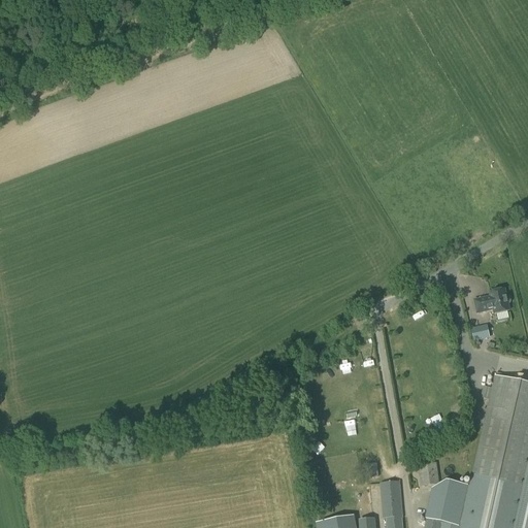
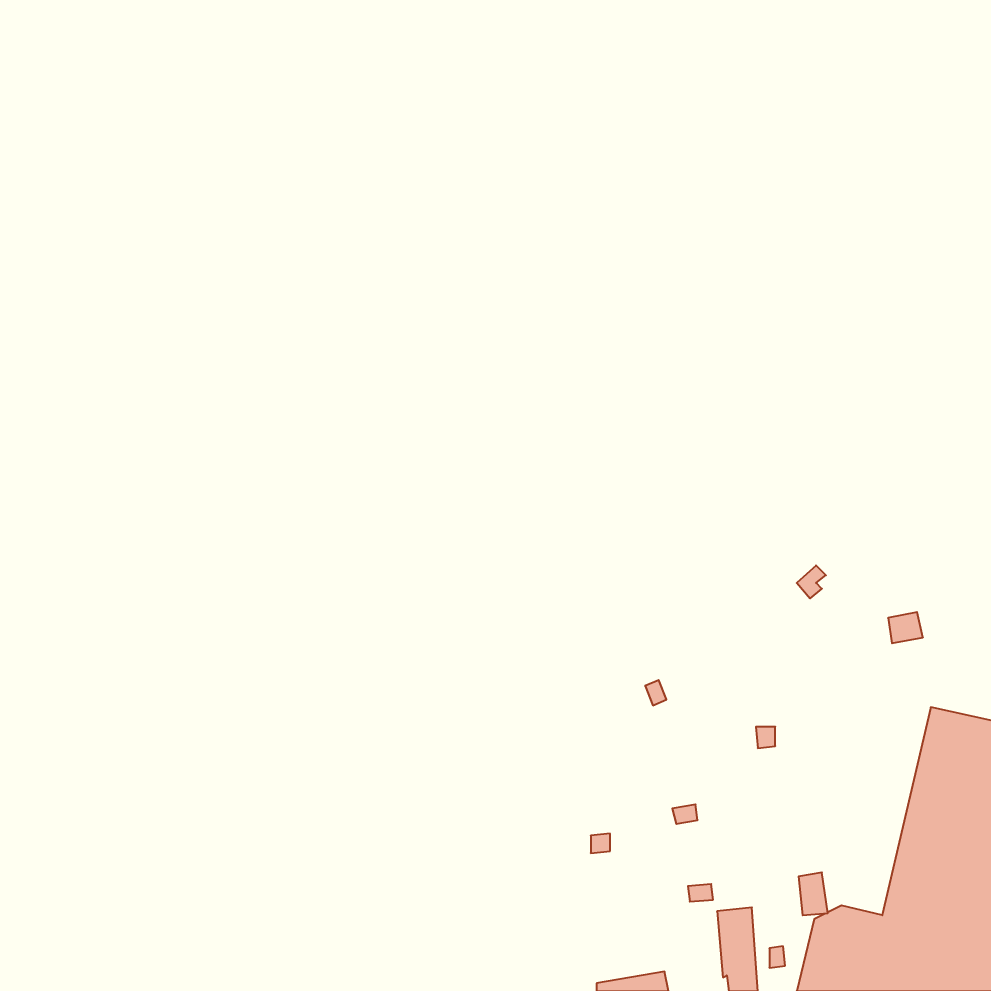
building: [475,290,512,314] -> none

